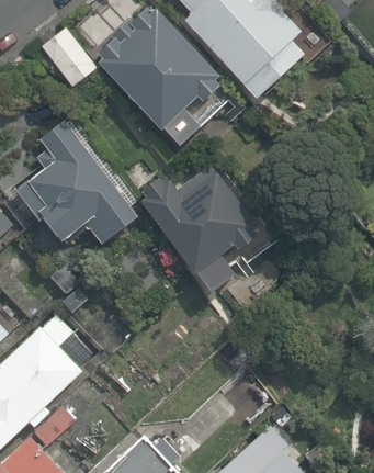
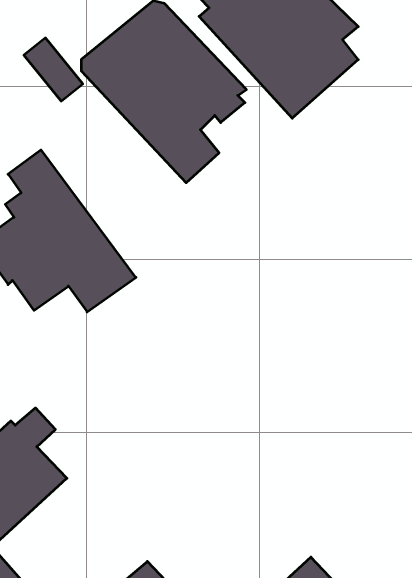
building: [131,159,270,289] -> none

